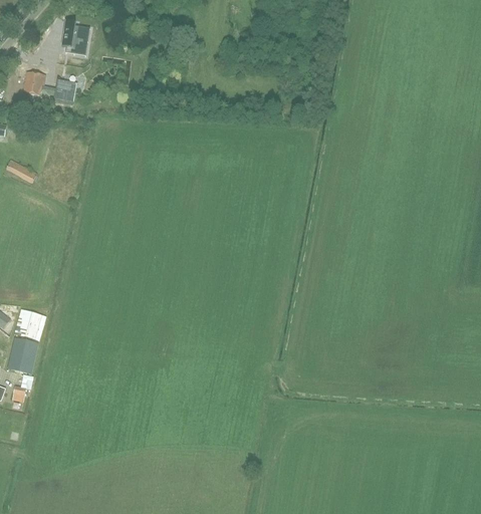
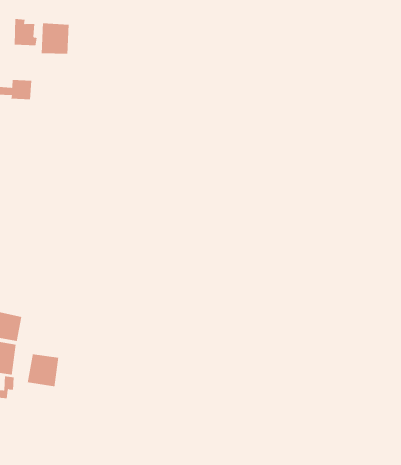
building: none -> [41,22,69,54]
building: none -> [27,353,59,387]

